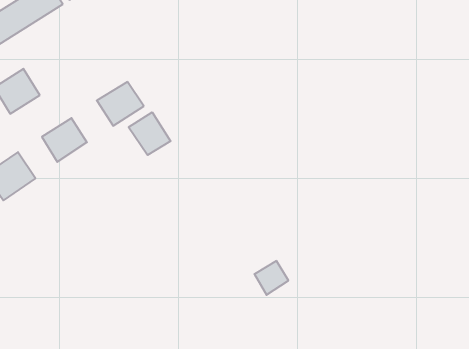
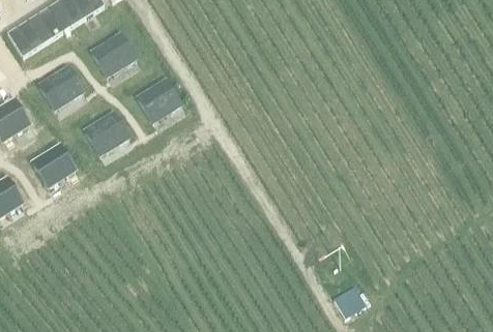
building: none -> [91,32,135,76]
building: [129,112,171,155] -> none
building: [254,261,288,295] -> [334,286,366,319]

